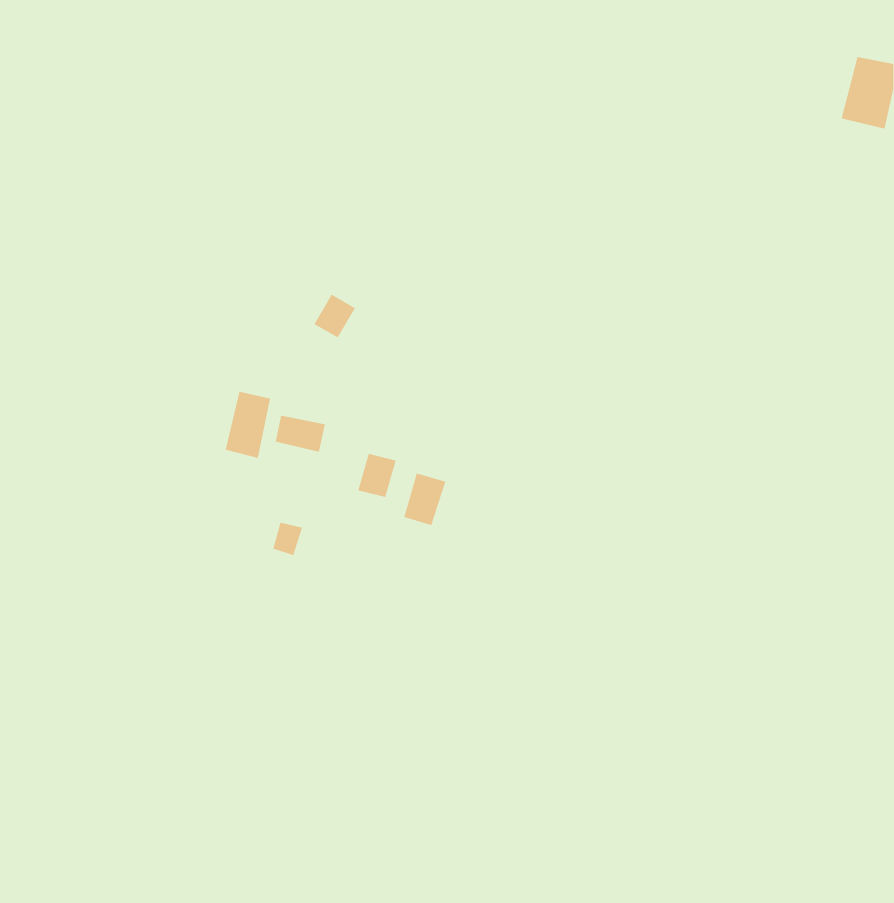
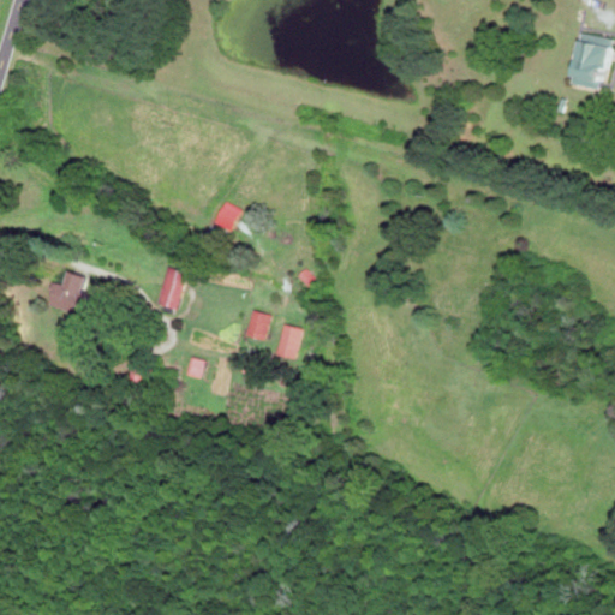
building: none -> [49,269,88,315]
building: [275,415,325,452] -> none

